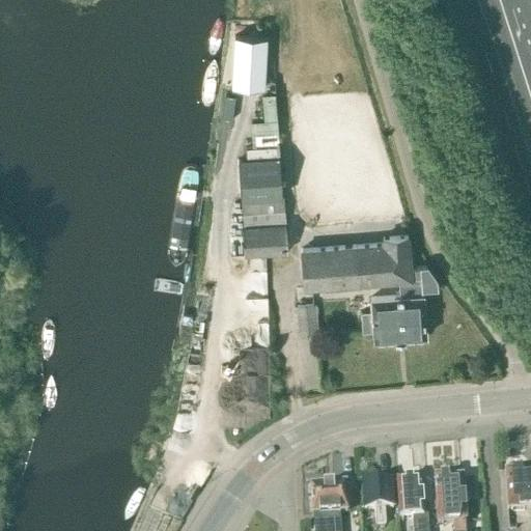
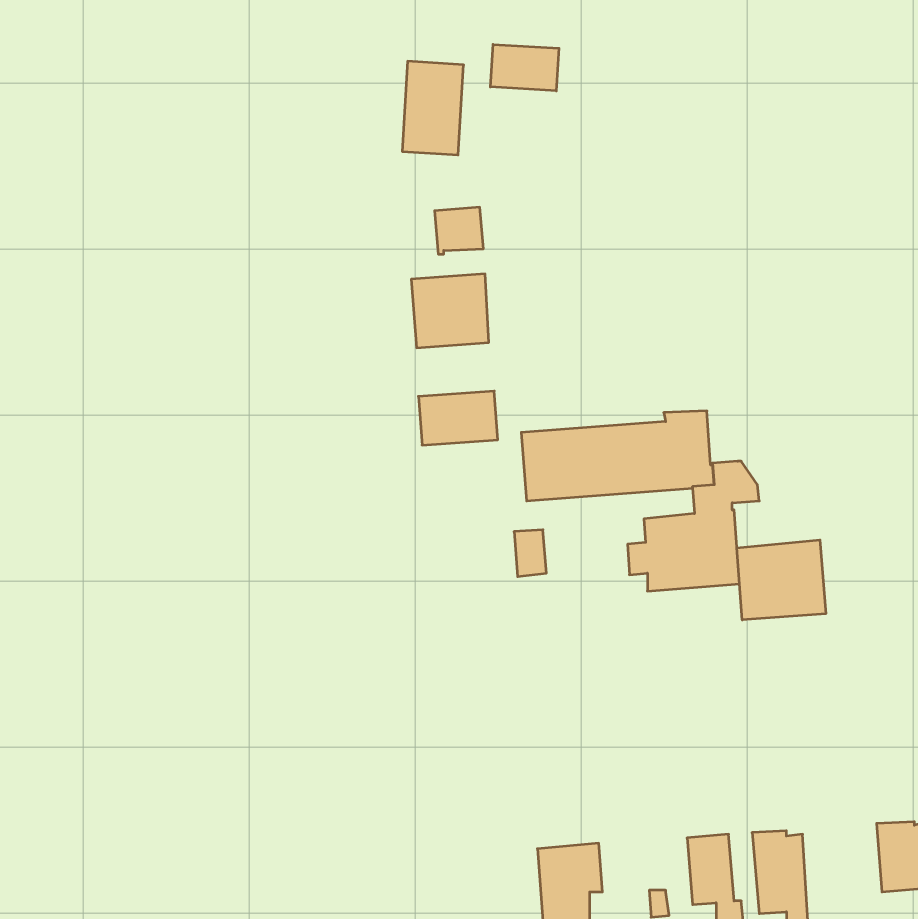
building: none -> [490,44,559,91]
building: [243,198,286,226] -> none
building: none -> [737,540,826,620]
building: [362,483,394,512] -> none

